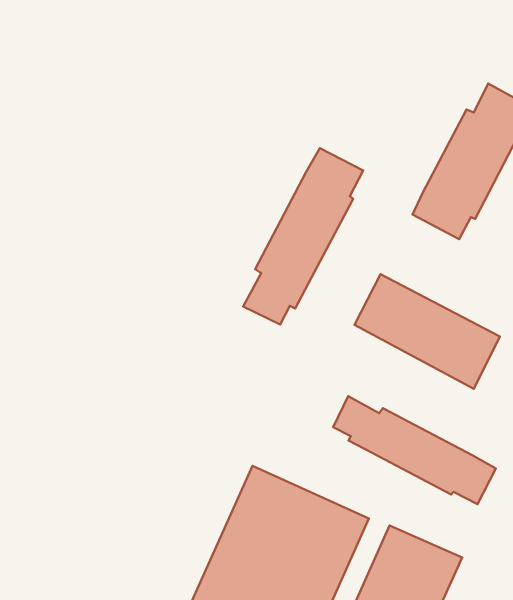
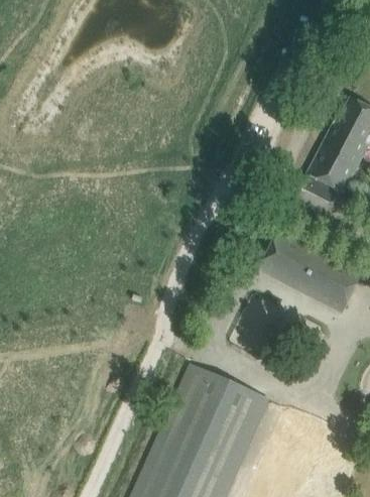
building: [243,148,363,325] -> none
building: [333,396,496,504] -> none

